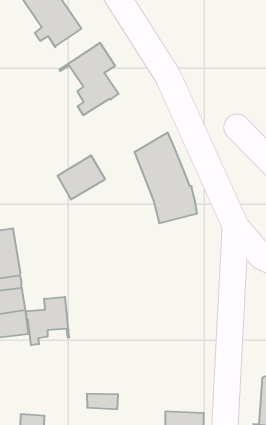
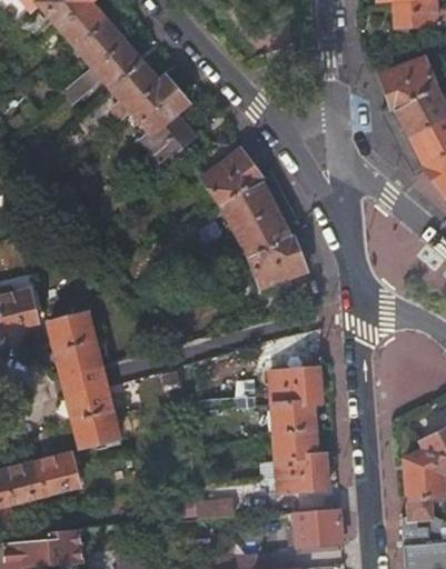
building: none -> [113,63,167,116]
building: [58,155,105,199] -> [204,149,261,204]
building: none -> [271,368,329,491]
building: [26,297,69,345] -> none

